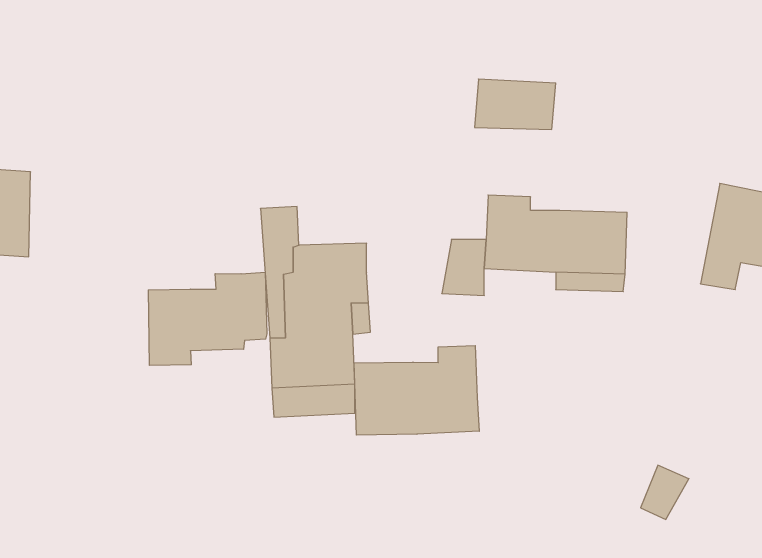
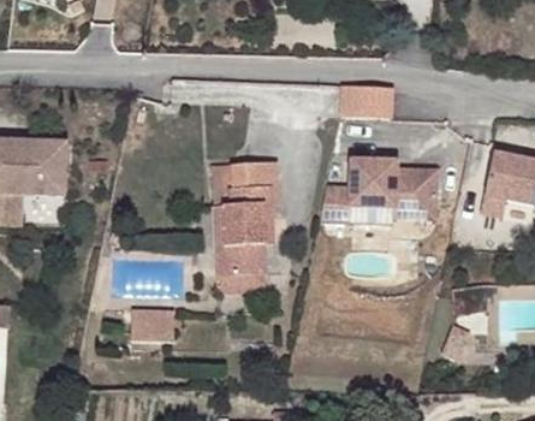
building: none -> [231,162,281,188]
building: [148,272,267,365] -> none
building: [354,346,479,435] -> none
building: none -> [130,312,172,342]

